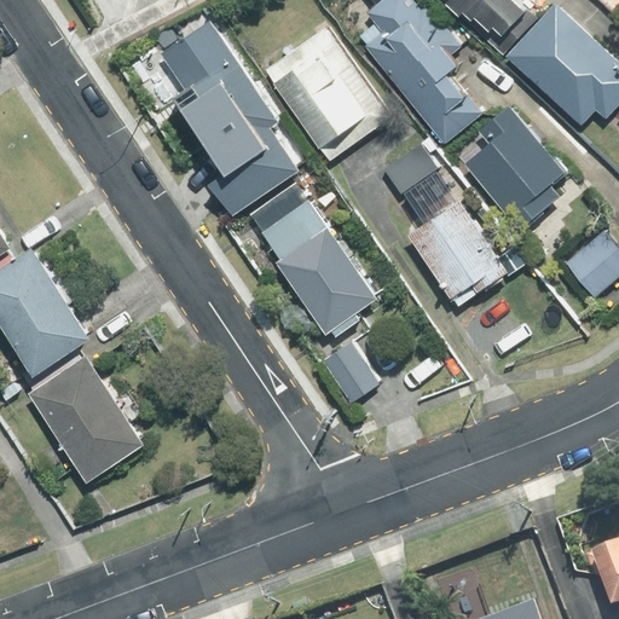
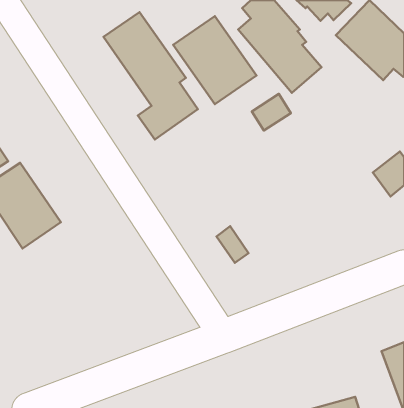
building: [461,105,565,231] -> none
building: [254,192,374,339] -> none
building: [403,195,508,307] -> none
building: [27,355,146,485] -> none

